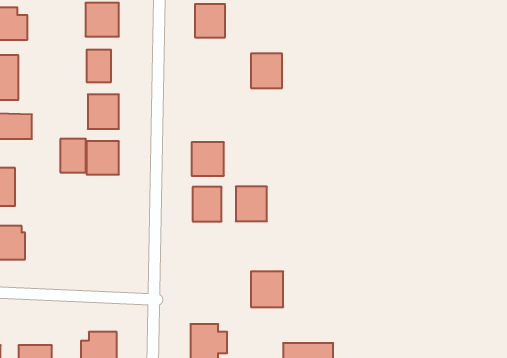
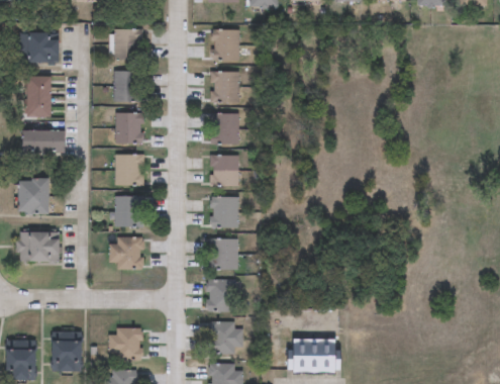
building: [251,54,282,88] -> [210,72,238,103]
building: none -> [210,113,238,145]
building: [60,139,86,172] -> [114,195,137,225]
building: [236,187,267,221] -> [208,237,236,269]
building: none -> [111,235,142,269]
building: [251,271,283,307] -> [206,279,235,311]

